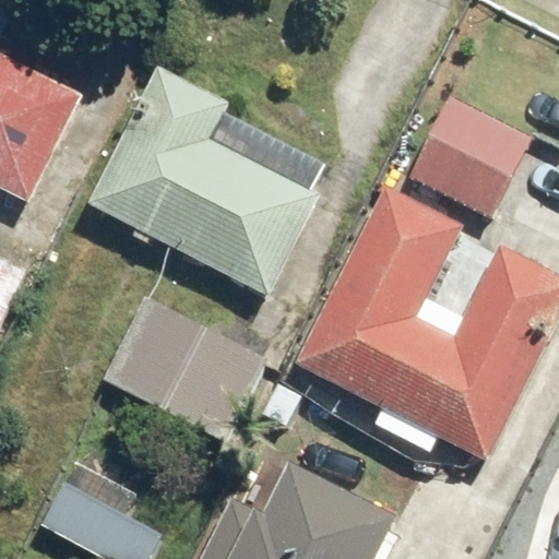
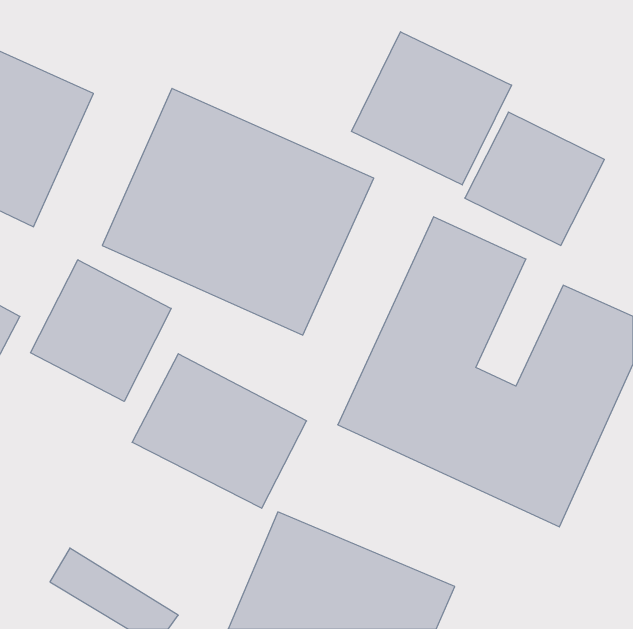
building: none -> [351,32,512,185]
building: none -> [31,260,171,401]

